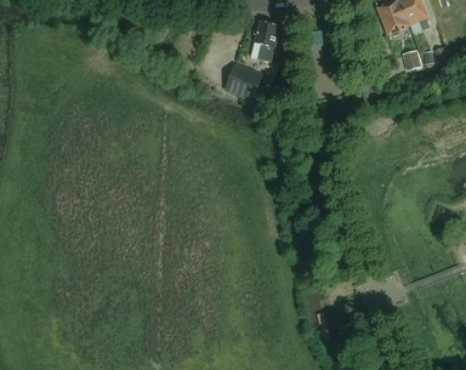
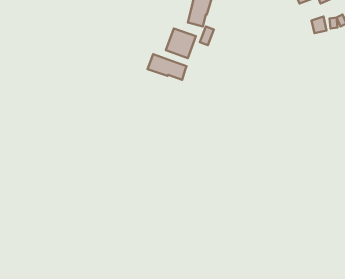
building: none -> [147,54,187,80]

